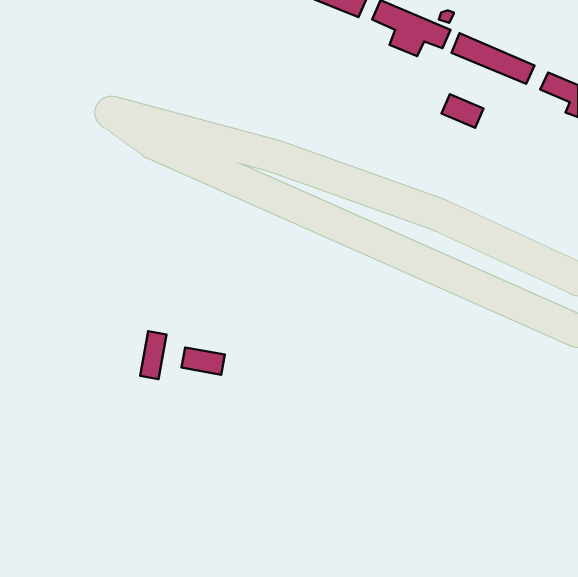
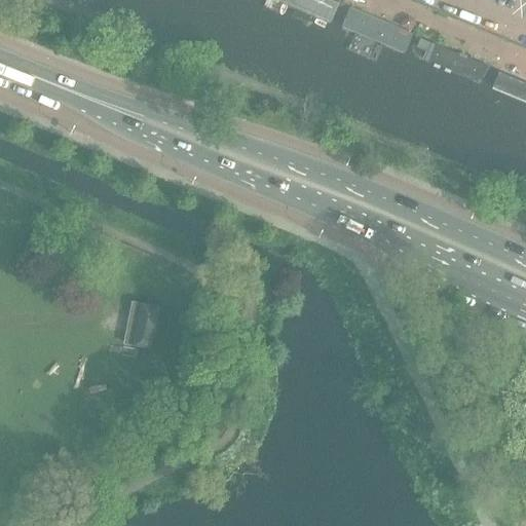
building: [442,94,483,128] -> none
building: [182,347,225,375] -> none

